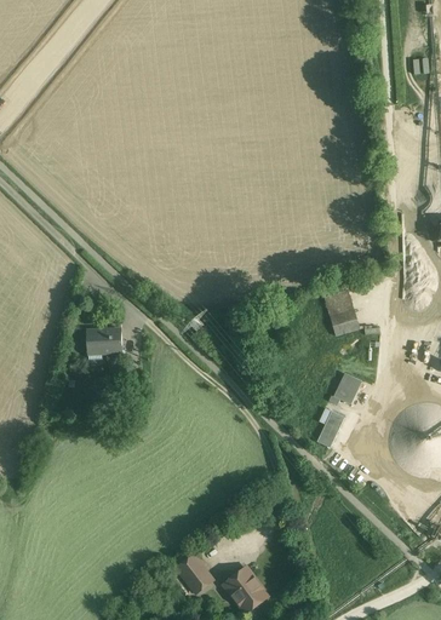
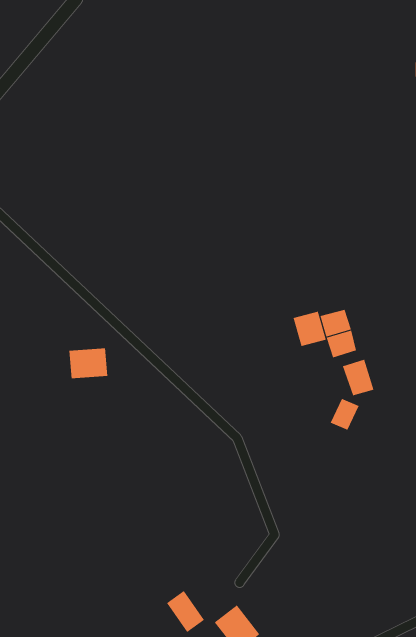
building: none -> [293,311,327,347]
building: none -> [342,359,374,396]
building: [315,408,343,448] -> none

